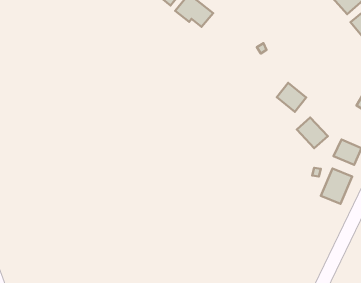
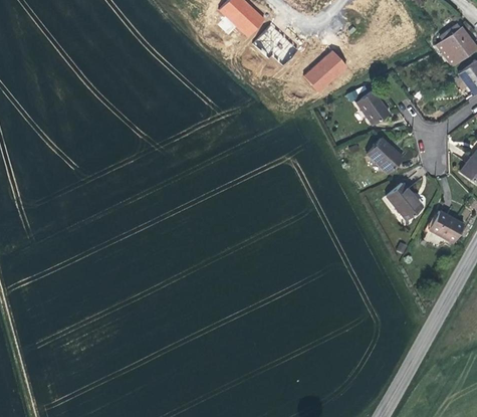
building: none -> [304,49,346,91]
building: none -> [357,91,390,125]
building: [321,169,352,204] -> none

